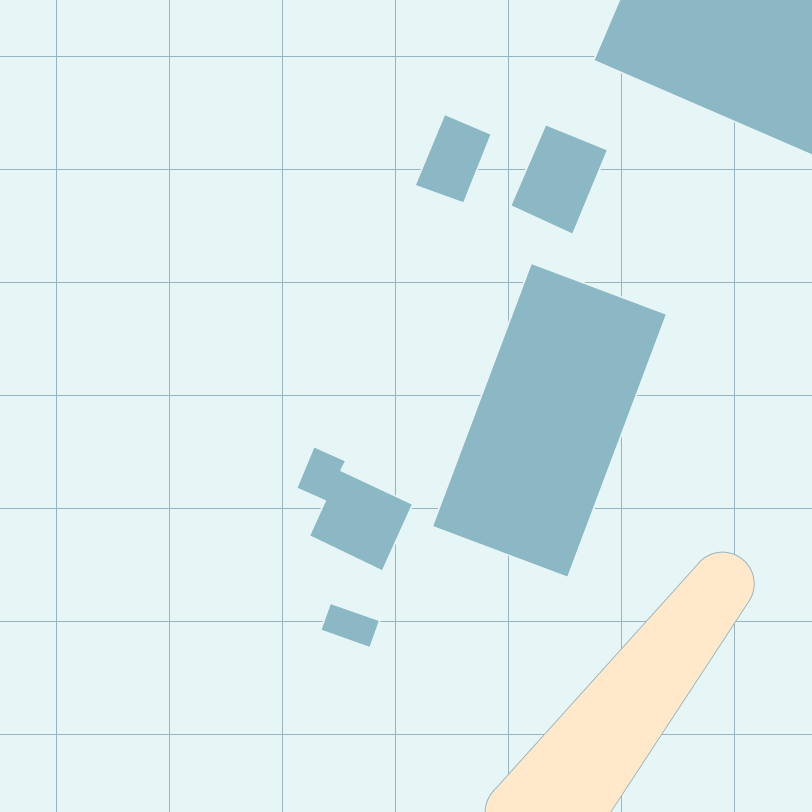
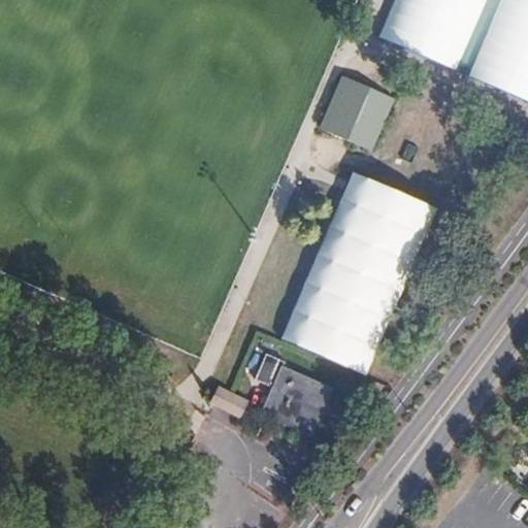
building: [415,114,491,203] -> none
building: [296,447,413,571] -> [256,352,331,432]

